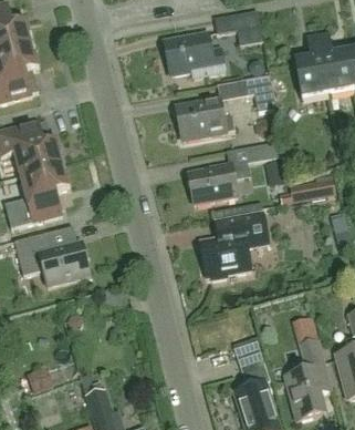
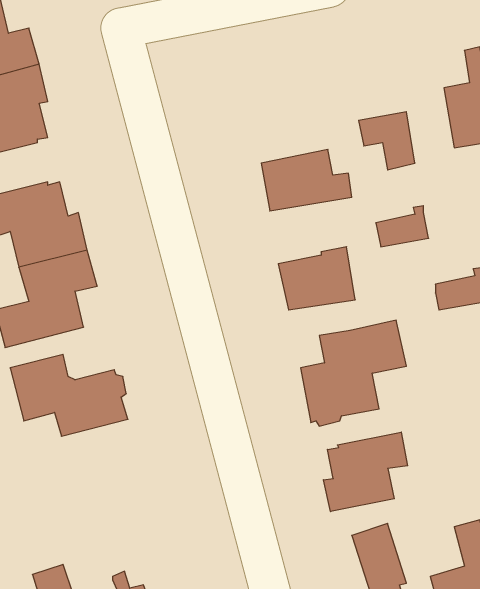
building: [215,10,263,45] -> none
building: [164,32,225,76] -> none
building: none -> [323,432,408,512]

